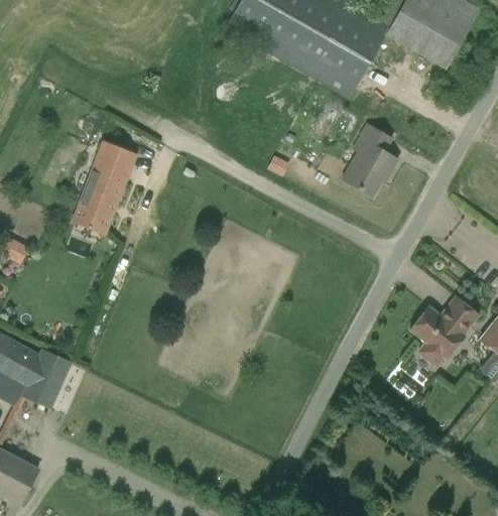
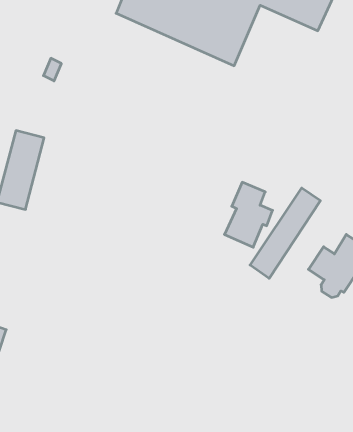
building: [342,124,397,197] -> [224,182,273,247]
building: none -> [250,188,320,278]

